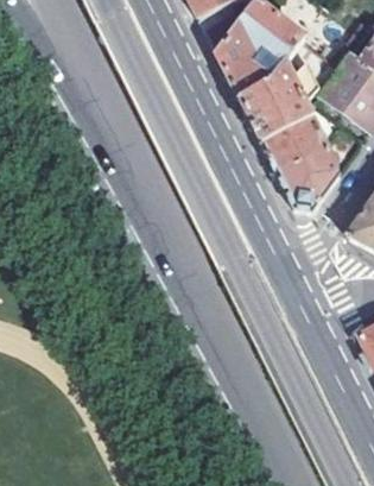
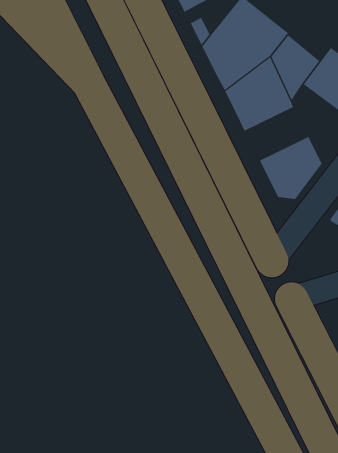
building: [258,113,324,168] -> none

